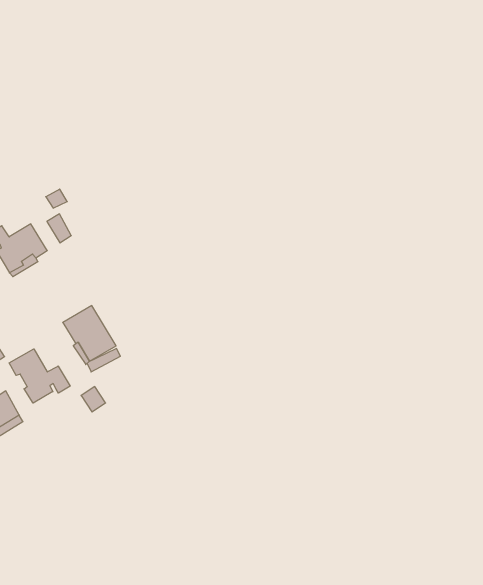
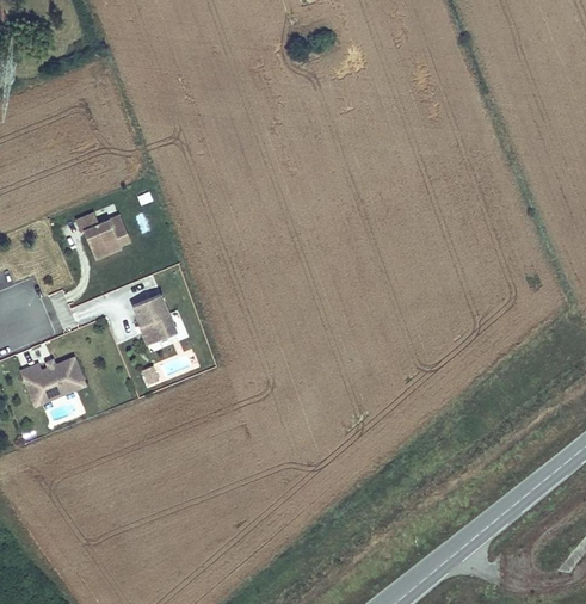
building: [9,349,70,403] -> none

